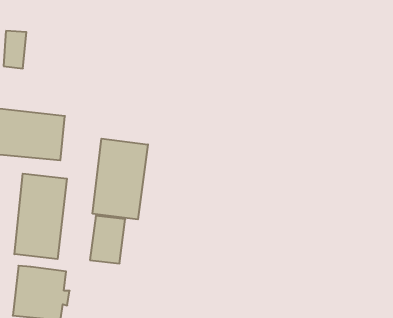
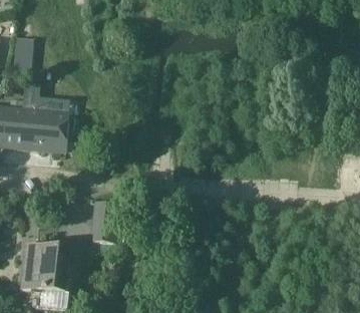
building: [93,139,148,219] -> none
building: [14,174,67,259] -> none

